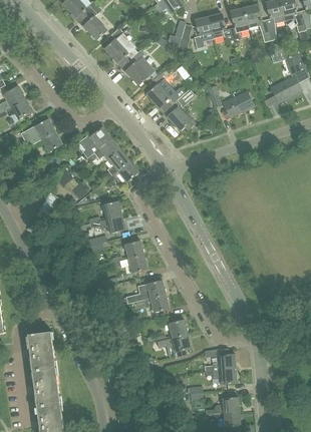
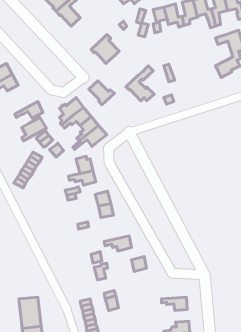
building: [103,27,134,68] -> none
building: [145,84,177,113] -> [89,81,114,105]
building: [222,91,252,118] -> none
building: [25,118,55,146] -> [22,117,47,141]
building: [125,280,166,303] -> none
building: [27,332,55,370] -> none
building: [157,333,191,356] -> none
building: [205,348,235,370] -> none

